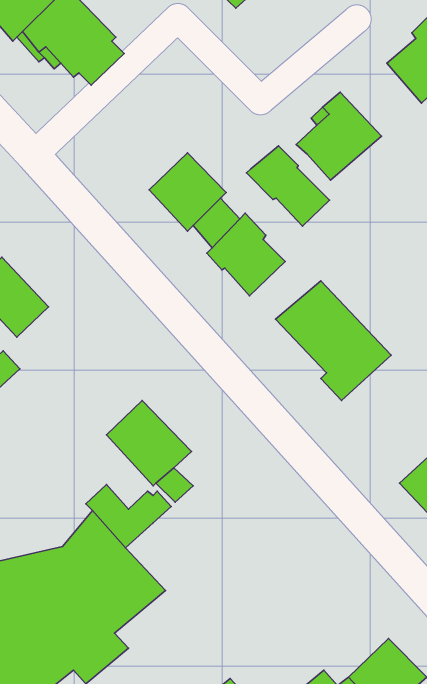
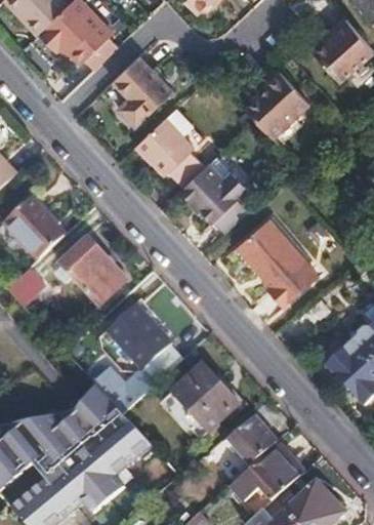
building: none -> [112,55,172,127]
building: [247,146,330,226] -> none
building: none -> [57,236,123,302]
building: none -> [171,364,239,432]
building: none -> [222,416,274,462]
building: none -> [231,444,303,502]

